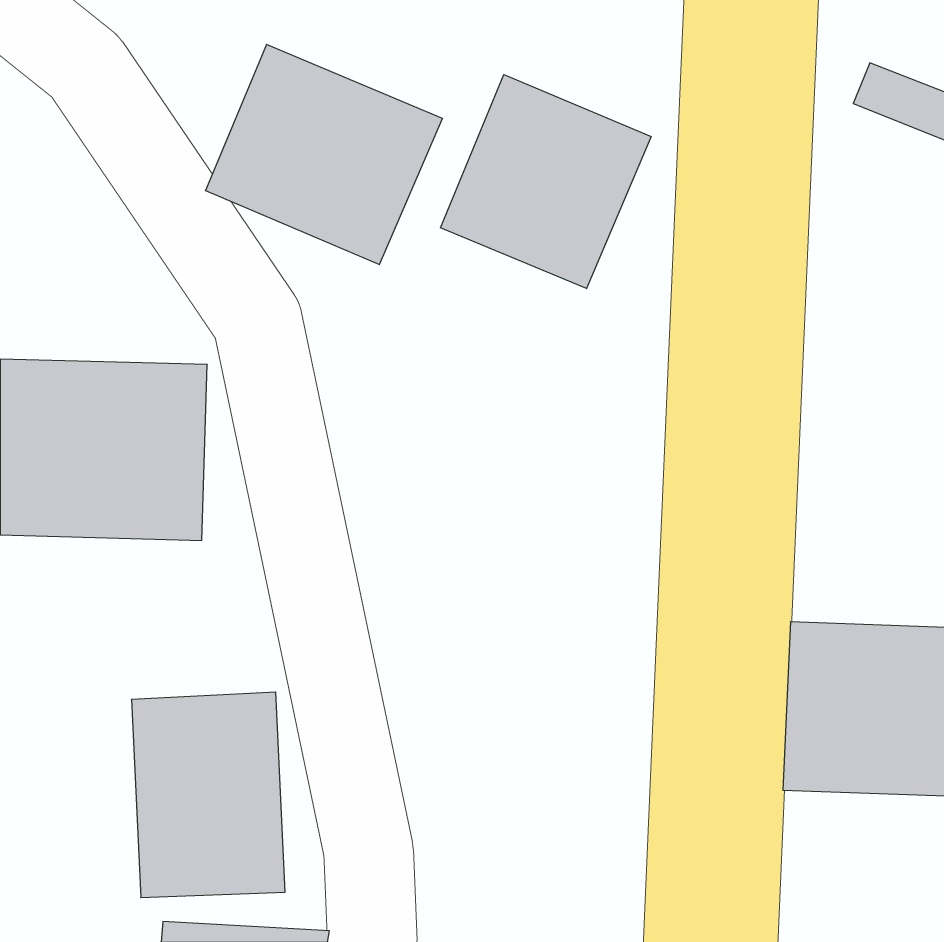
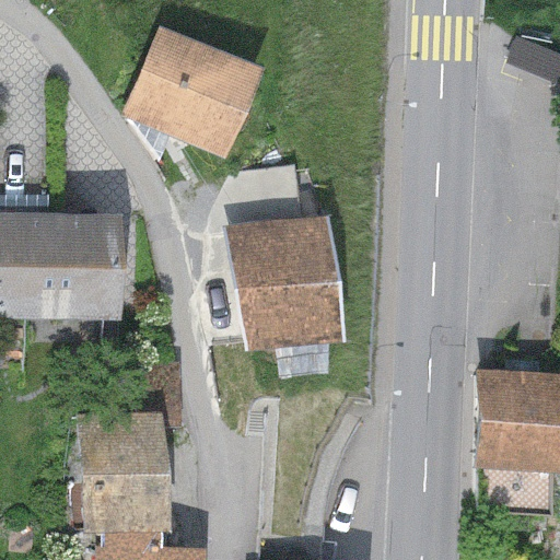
building: [440,75,651,289] -> none
building: none -> [230,214,343,351]

